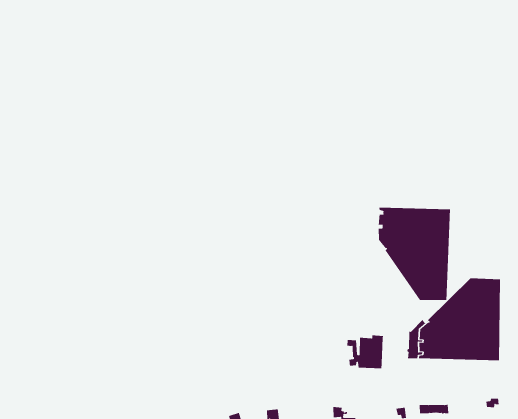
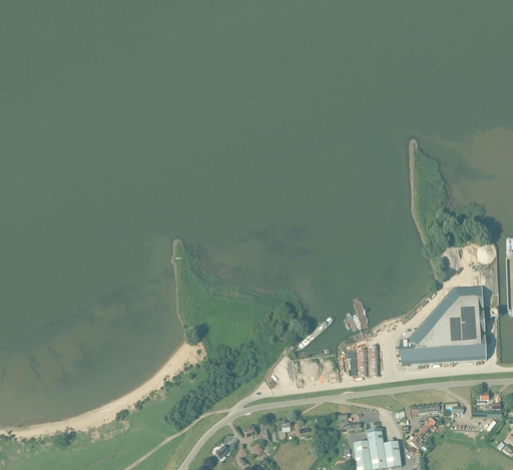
building: [378,207,450,301] -> none

